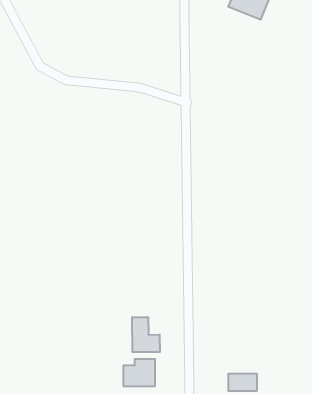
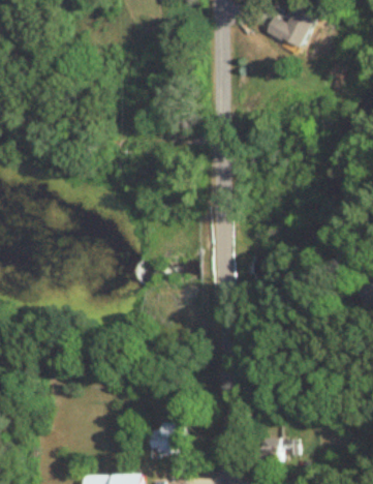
building: [132,317,160,352] -> none

